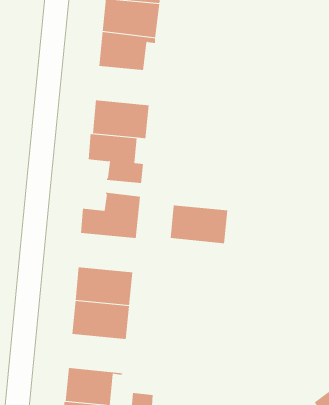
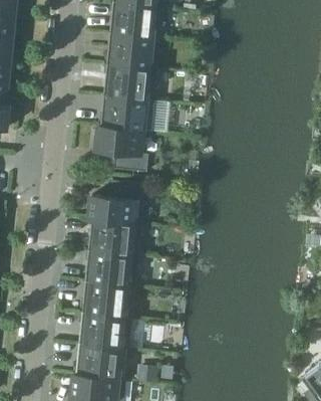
building: none -> [103,64,156,101]
building: [170,205,228,244] -> [87,219,141,255]
building: none -> [78,313,132,349]

